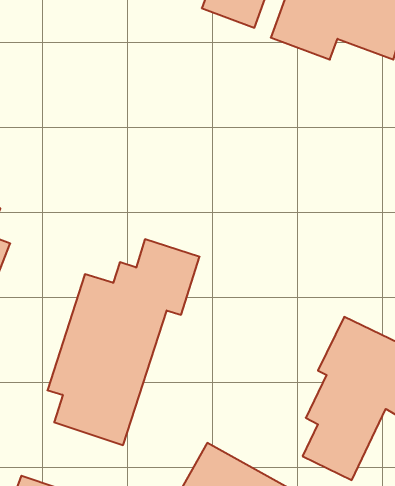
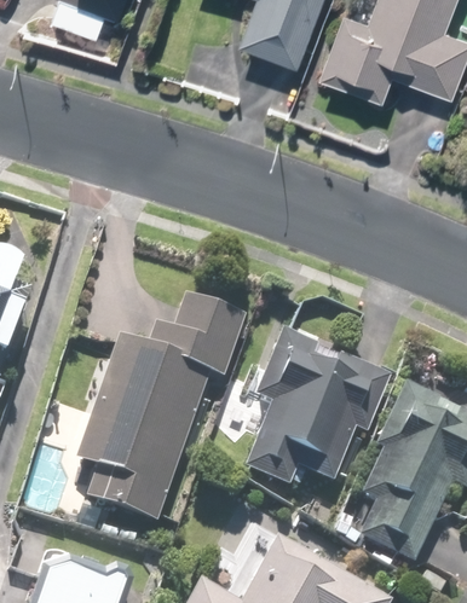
building: none -> [243,332,388,488]

